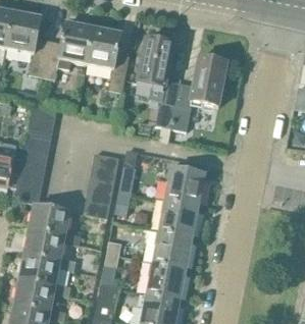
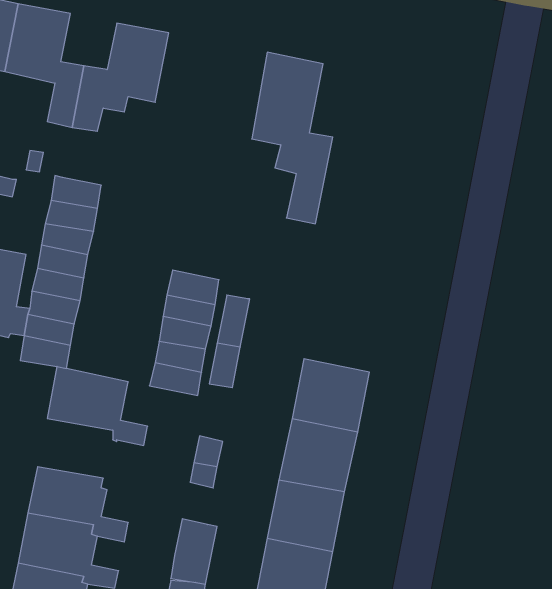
building: [86,26,129,92] -> none
building: [170,56,227,130] -> none
building: [164,166,205,206] -> none
building: [23,230,77,270] -> none

